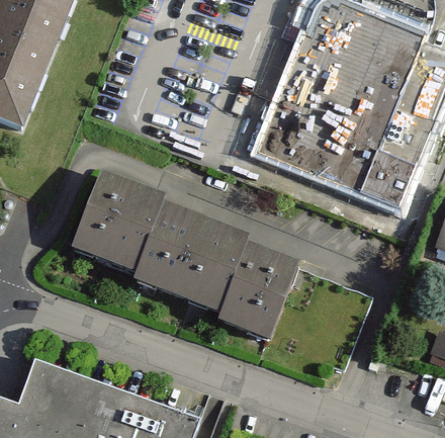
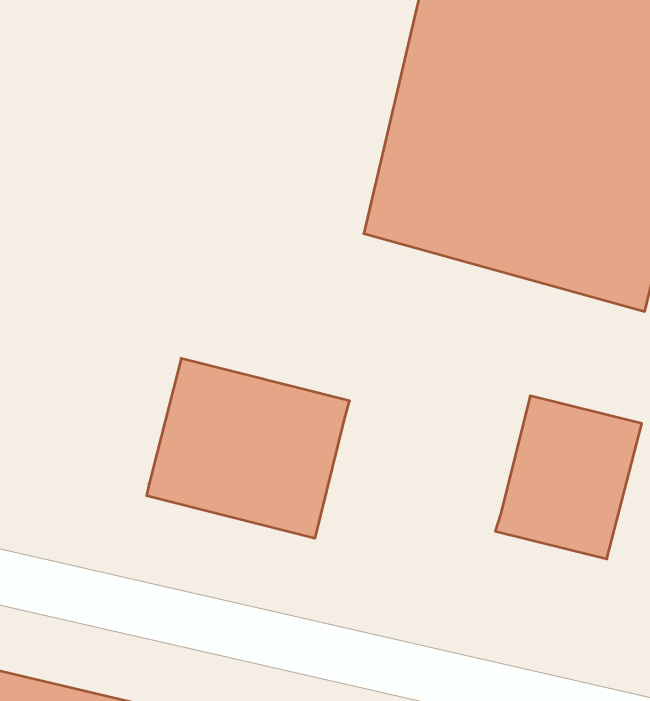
building: [69,171,161,271] -> none
building: [213,249,297,340] -> [495,396,642,559]

